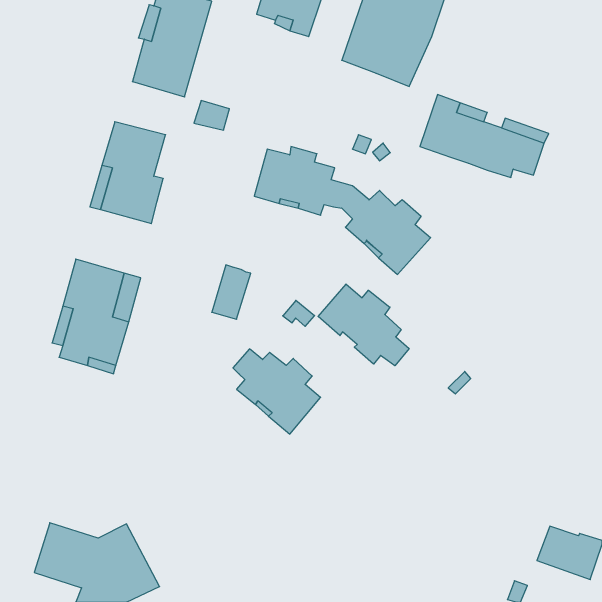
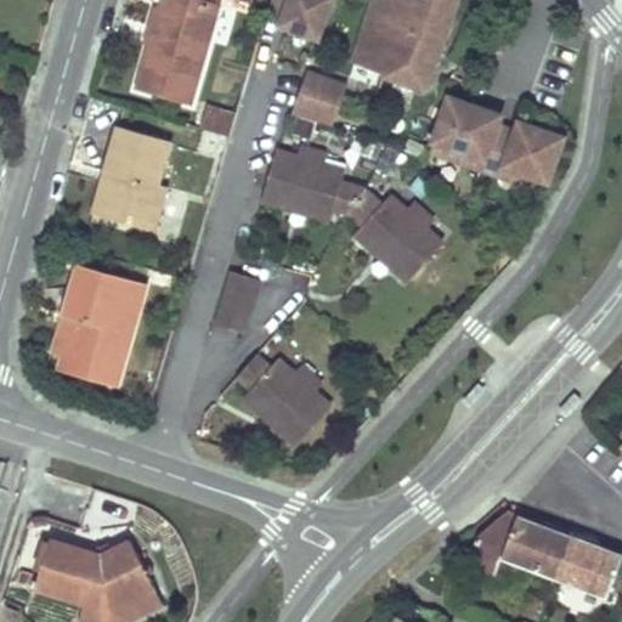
building: none -> [295,72,347,126]
building: [318,284,409,366] -> none
building: none -> [464,516,565,576]

